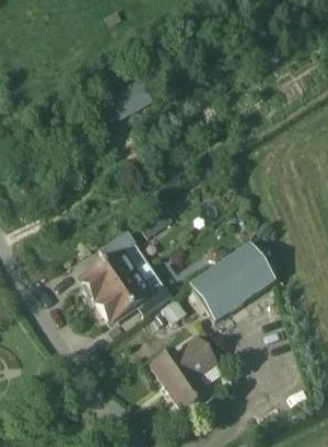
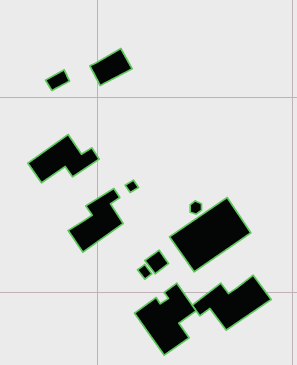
building: [96,269,172,320] -> [28,134,99,183]
building: none -> [192,275,271,330]

